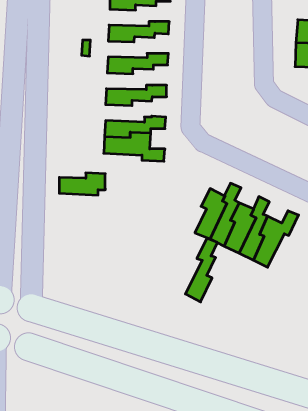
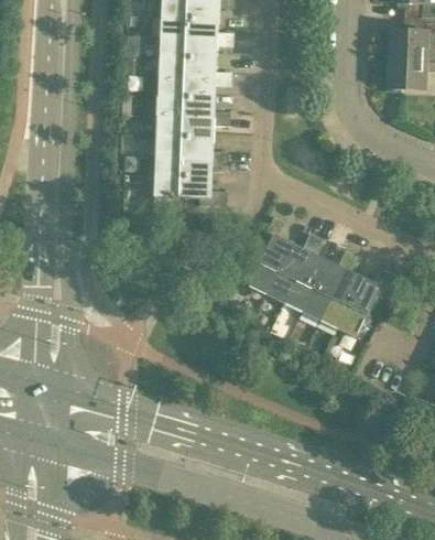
building: none -> [159,10,217,36]
building: none -> [157,50,215,76]
building: none -> [155,89,214,116]
building: [59,173,105,195] -> [154,129,211,156]
building: [185,238,217,302] -> [247,215,286,294]

